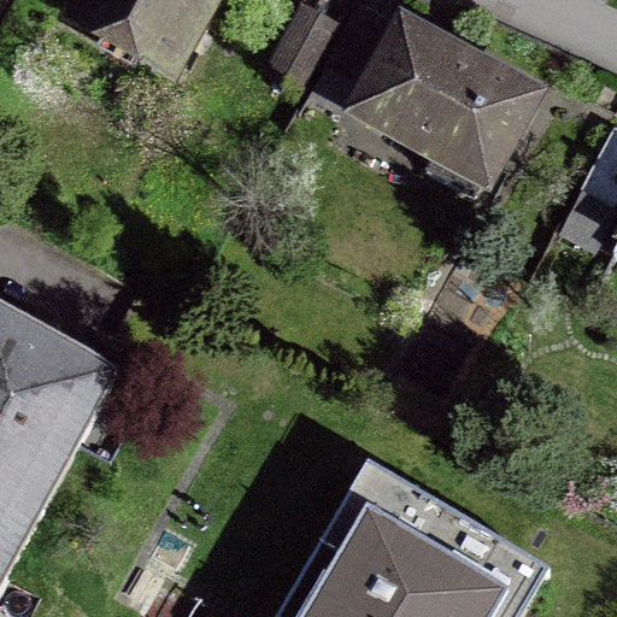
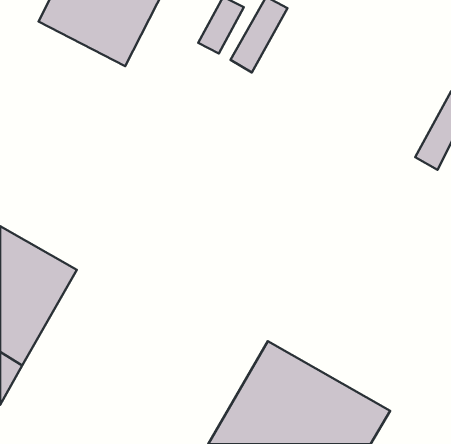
building: [358,20,547,196] -> none

